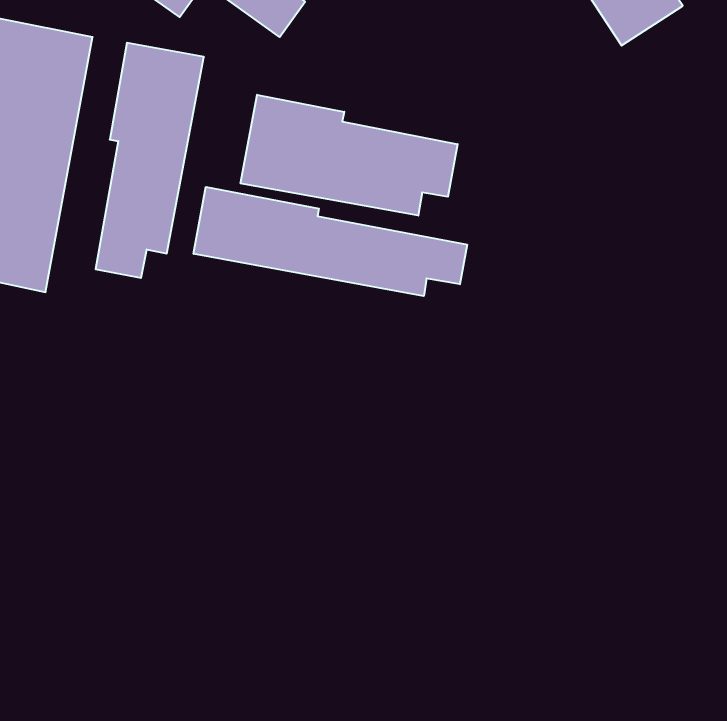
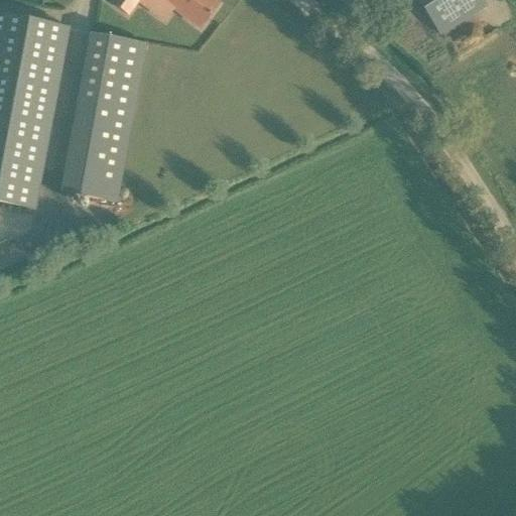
building: [241,95,458,216] -> none
building: [194,187,467,296] -> none

